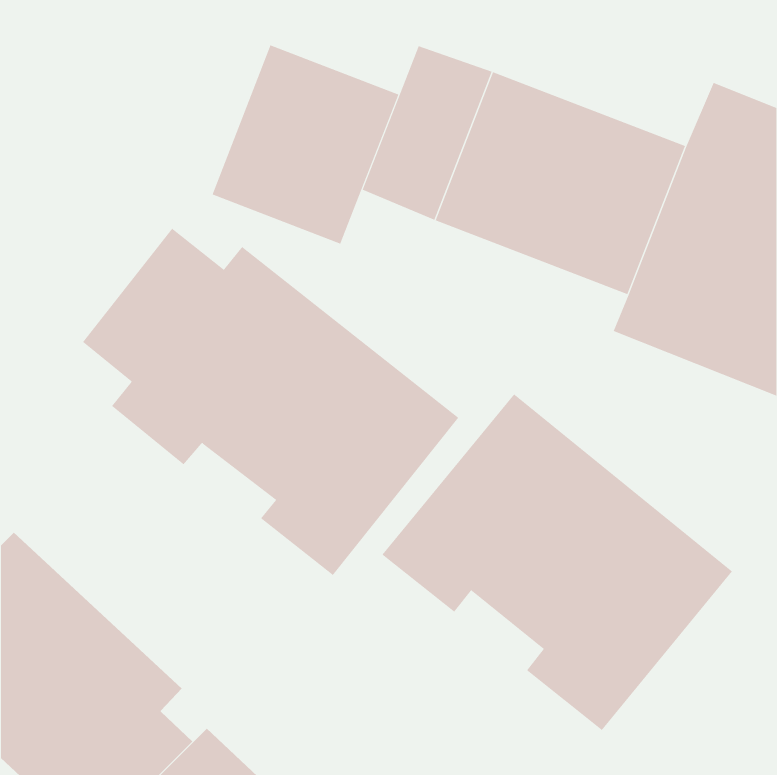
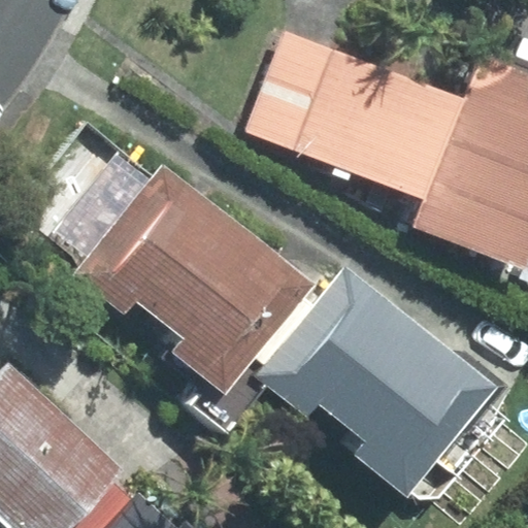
building: [212,45,399,245] -> none

